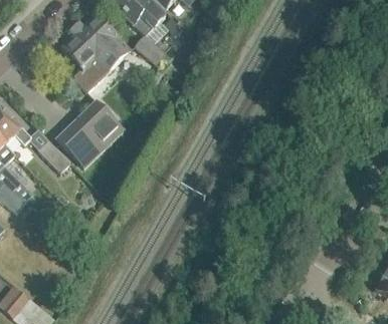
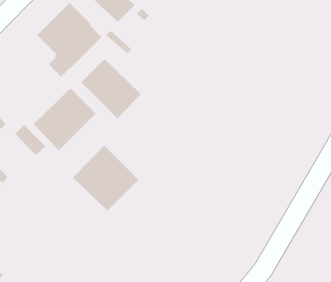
building: none -> [81,58,141,119]
building: none -> [72,145,139,212]

